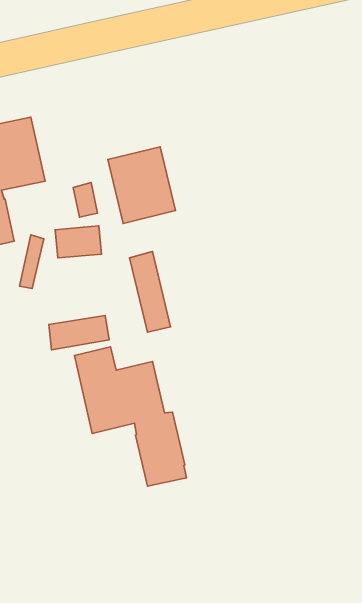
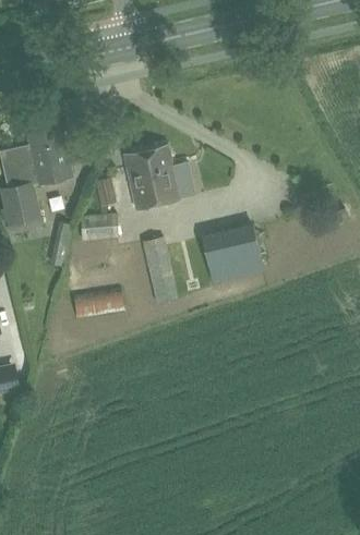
building: none -> [201,221,264,282]
building: [75,347,186,486] -> none

